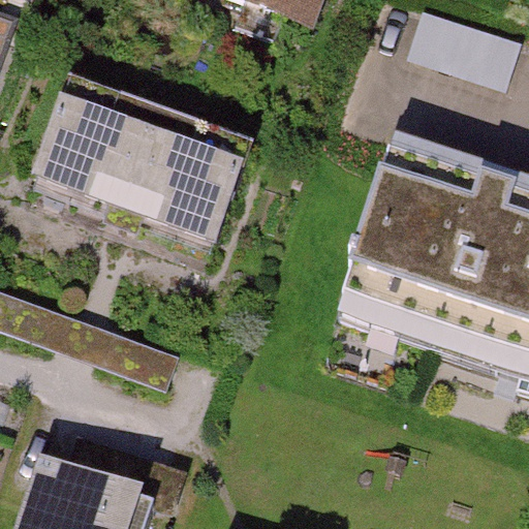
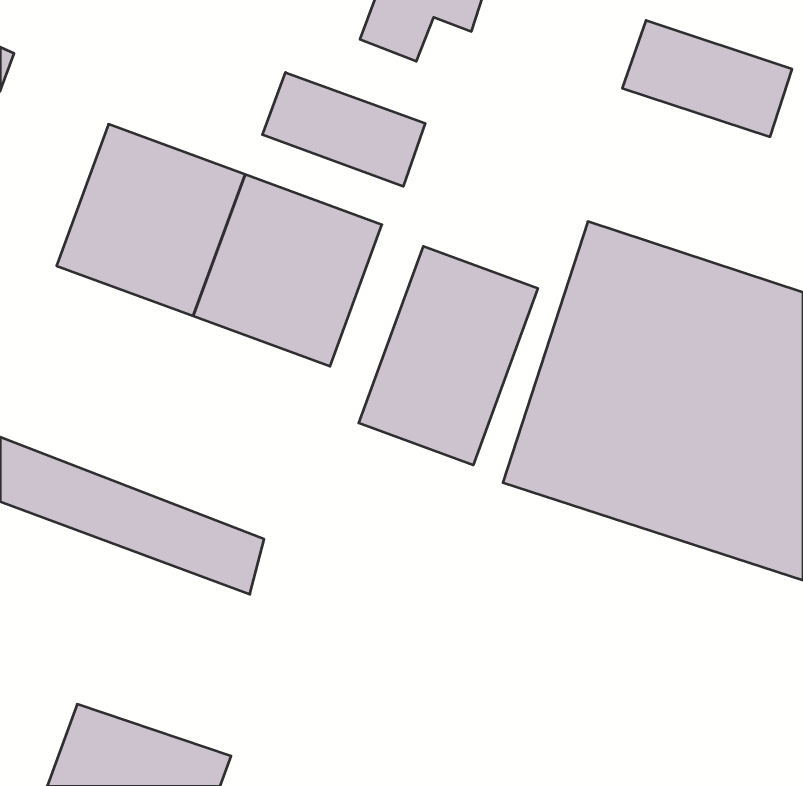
building: none -> [262,72,425,186]
building: none -> [359,246,538,465]

